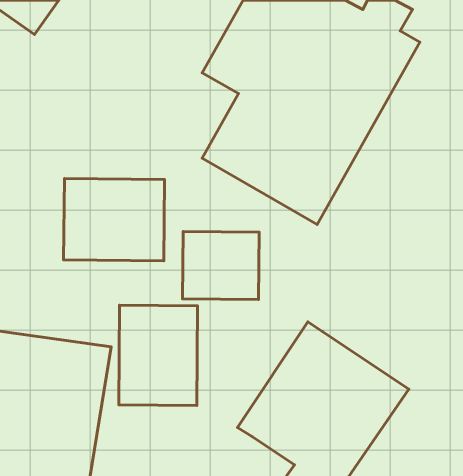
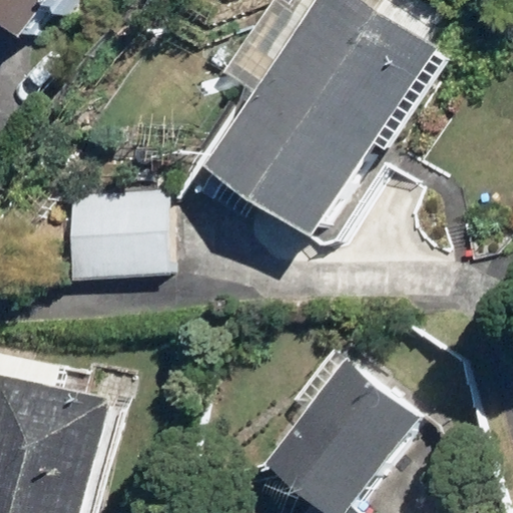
building: [183,232,259,299] -> none
building: [119,305,198,406] -> none

